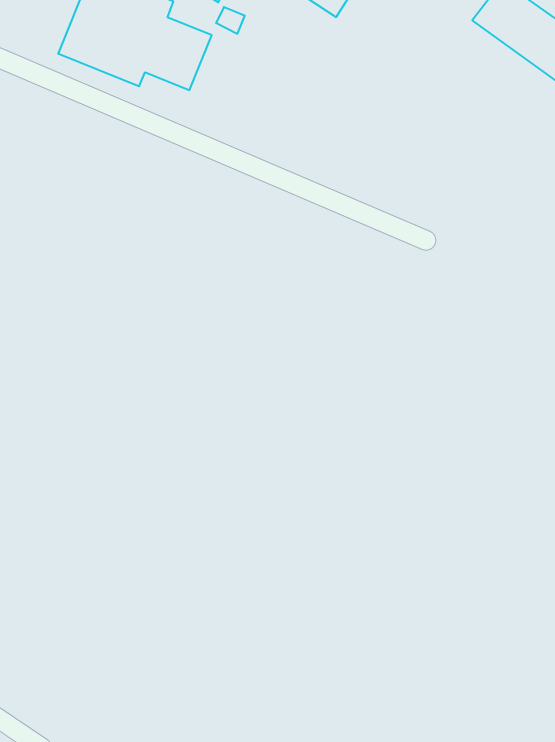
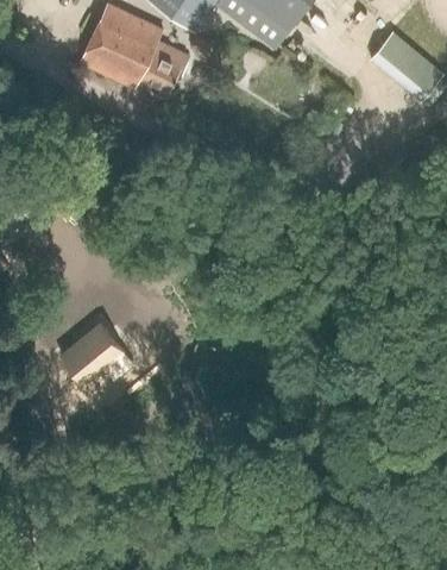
building: none -> [59,322,134,383]

